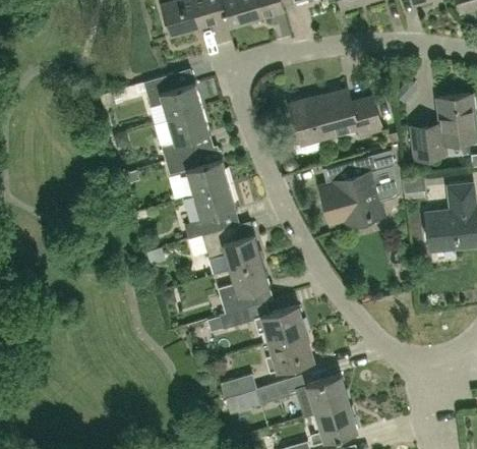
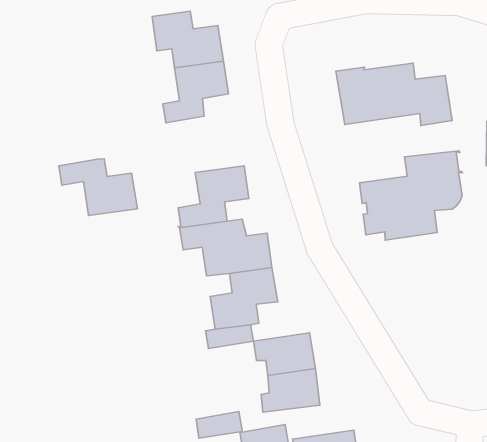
building: [166,151,230,195] -> [59,159,137,216]

